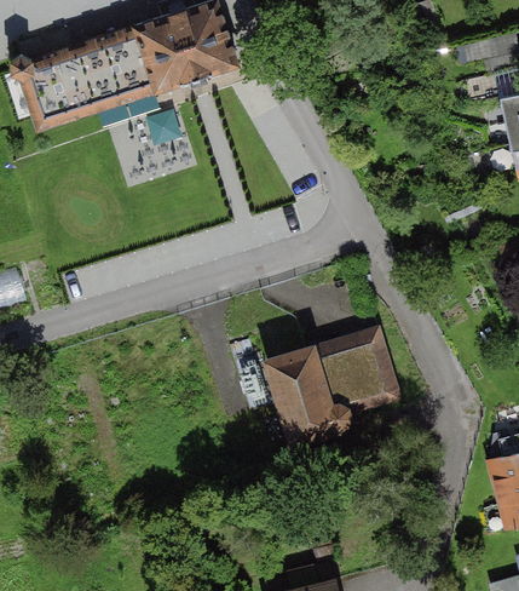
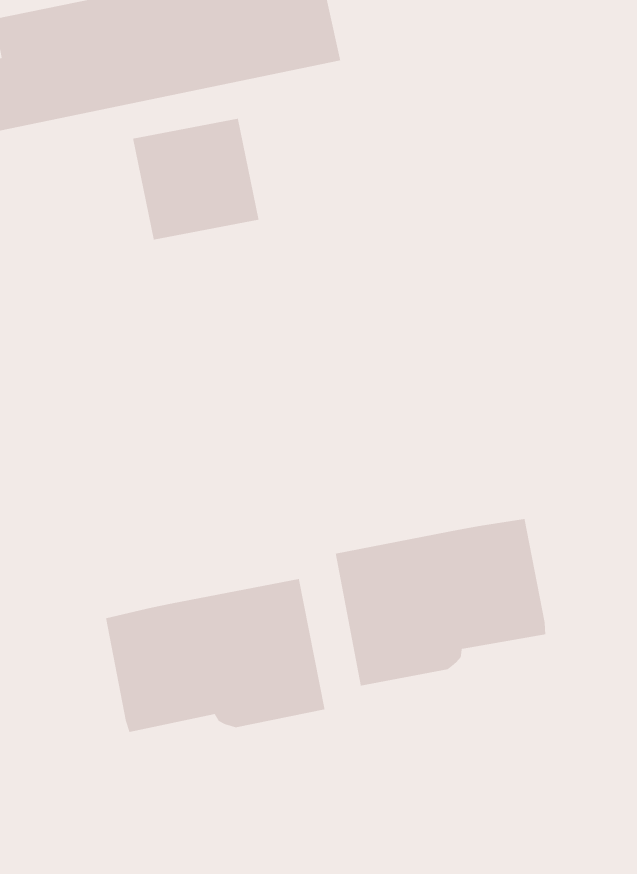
building: none -> [105,578,326,733]

